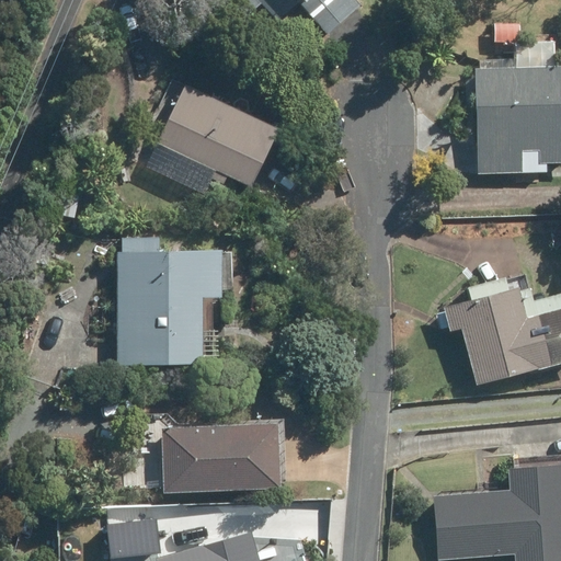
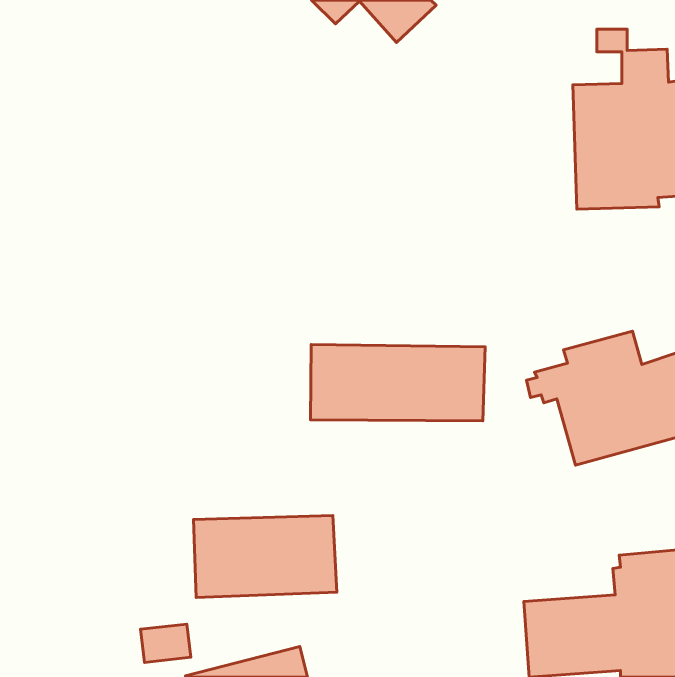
building: [158,84,277,187] -> none
building: [114,241,217,367] -> none
building: none -> [310,344,485,421]

